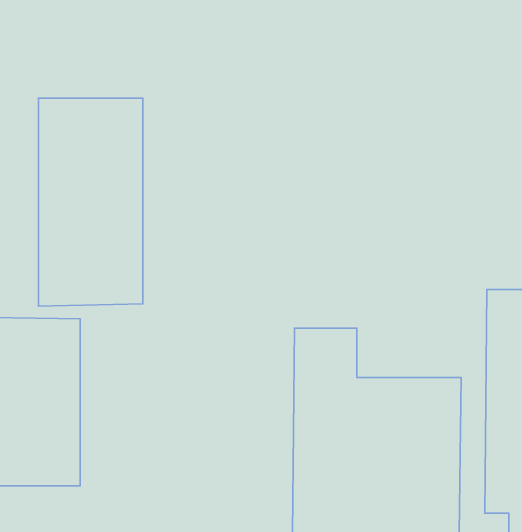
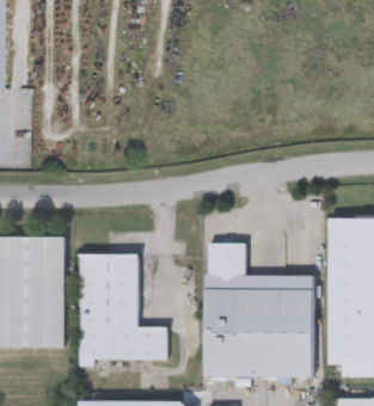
building: [39,98,143,306] -> none
building: none -> [80,253,170,358]

